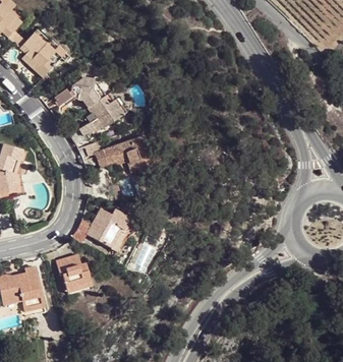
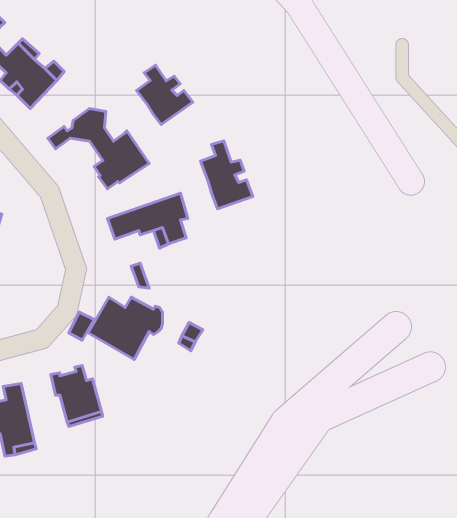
building: none -> [137,65,193,124]
building: none -> [200,141,253,209]

